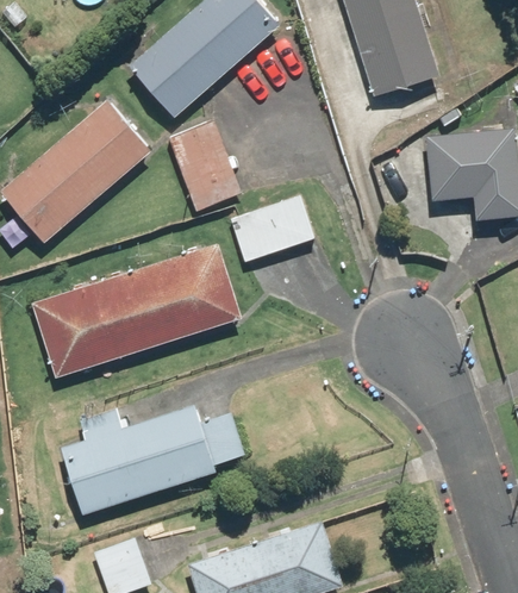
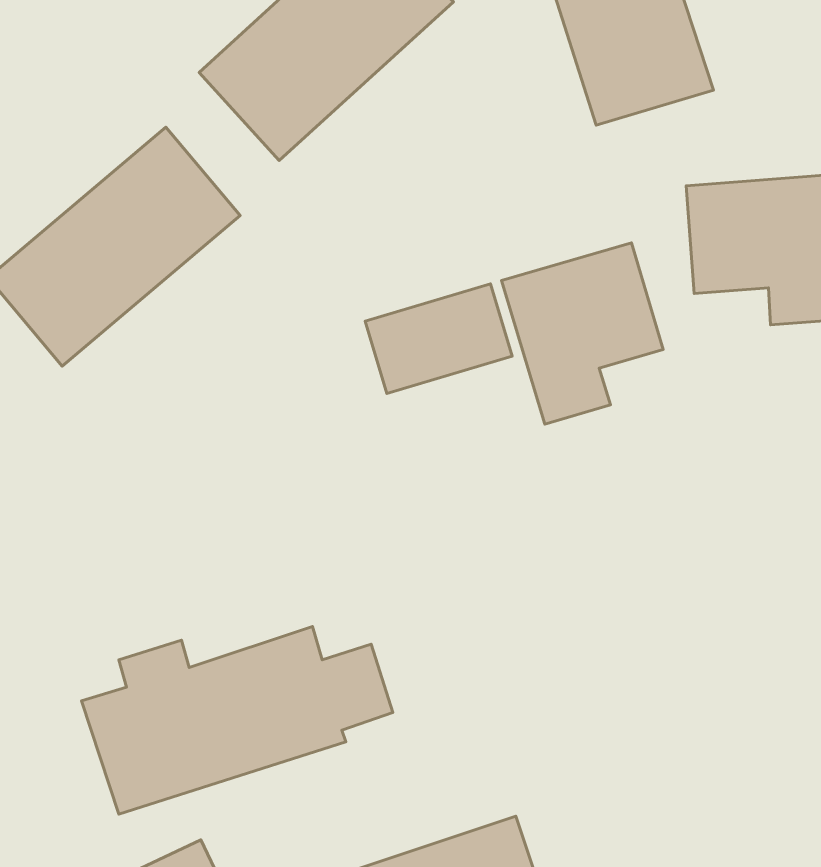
building: [166,116,246,214] -> none
building: none -> [502,243,663,424]
building: [31,242,243,377] -> none

